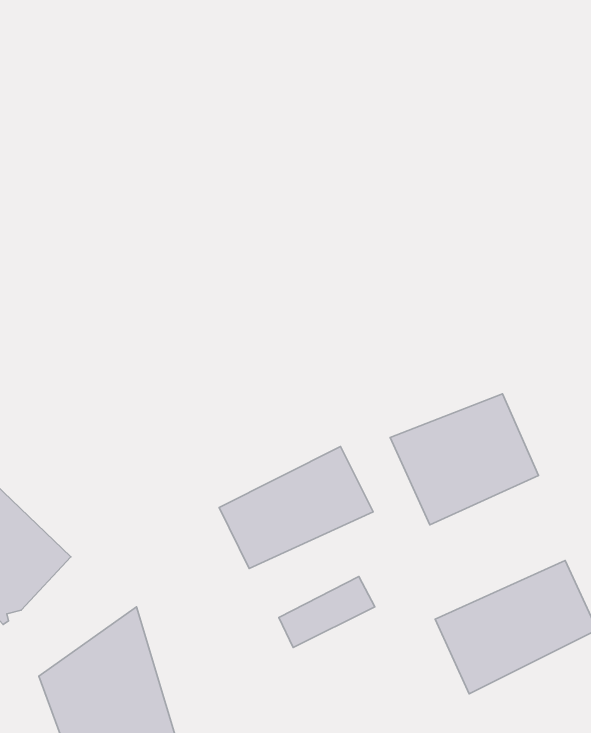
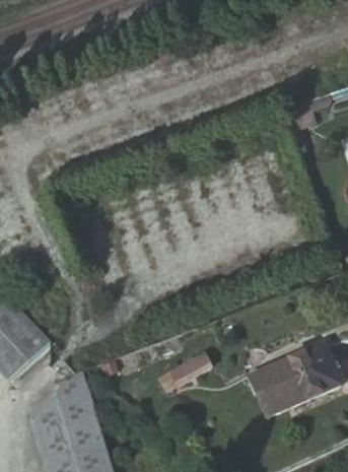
building: [390,394,539,525] -> none
building: [219,447,373,568] -> none

